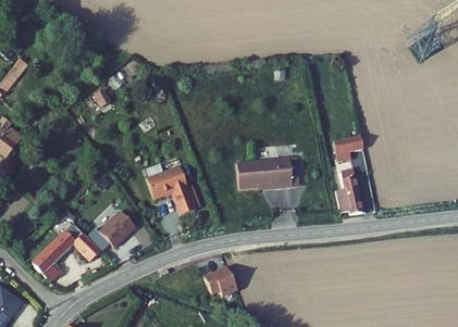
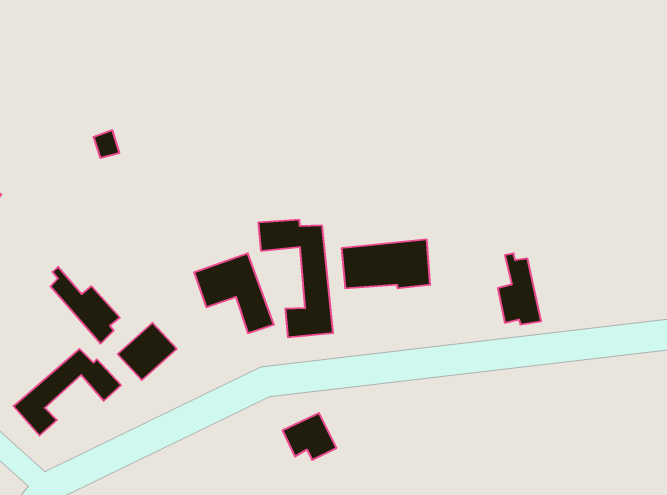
building: [334,131,364,159] -> none
building: none -> [259,220,333,337]
building: none -> [50,267,120,344]

